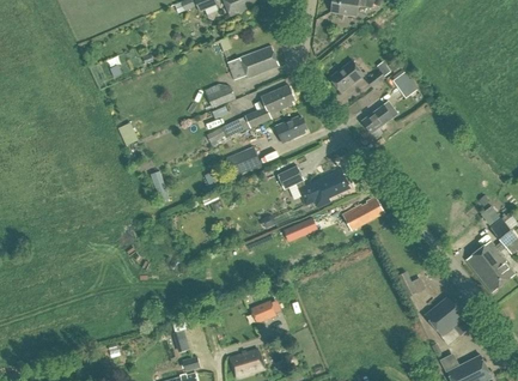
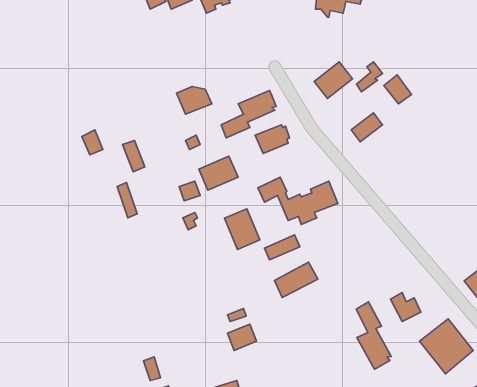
building: [226,46,276,81] -> none
building: none -> [224,209,260,249]
building: [343,198,383,230] -> [274,262,318,298]
building: none -> [356,302,391,369]

